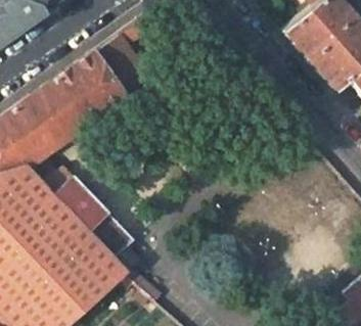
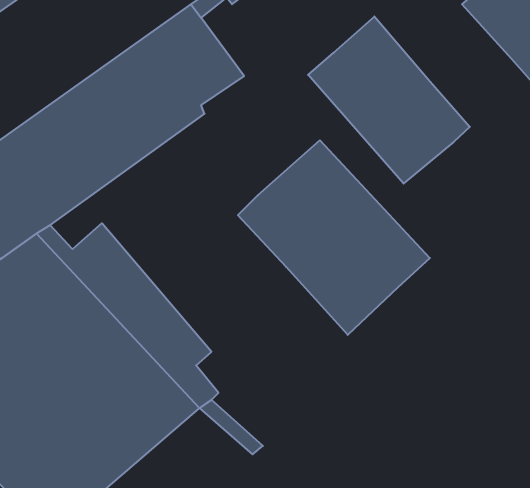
building: none -> [308,16,470,184]
building: none -> [238,140,430,335]

